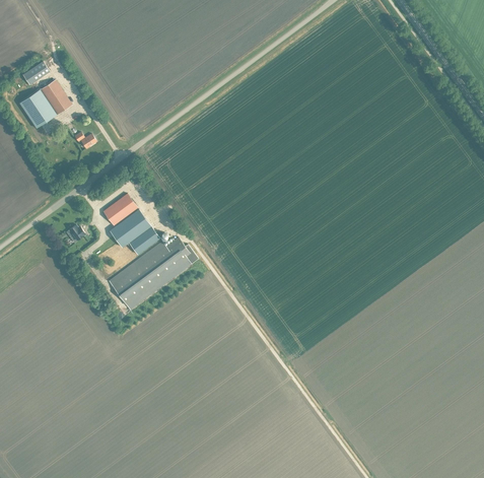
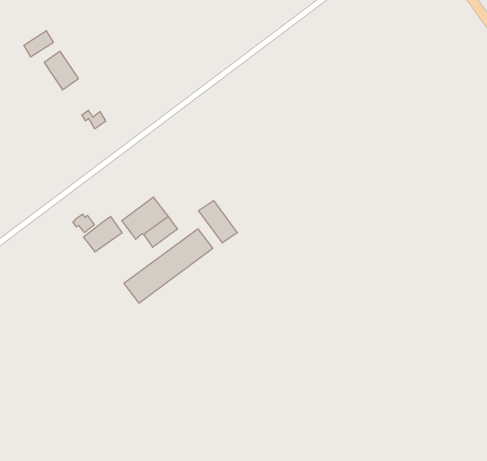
building: [19,88,58,128] -> none
building: [103,193,138,224] -> [83,217,122,252]
building: none -> [199,201,237,243]

